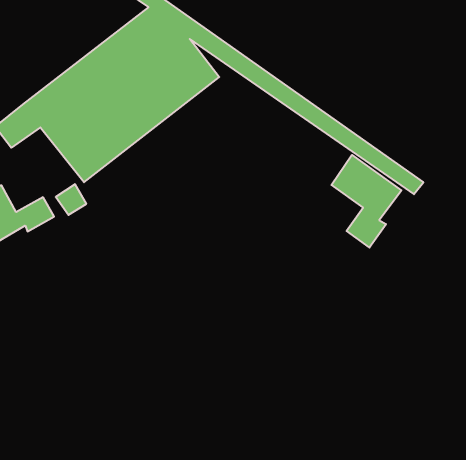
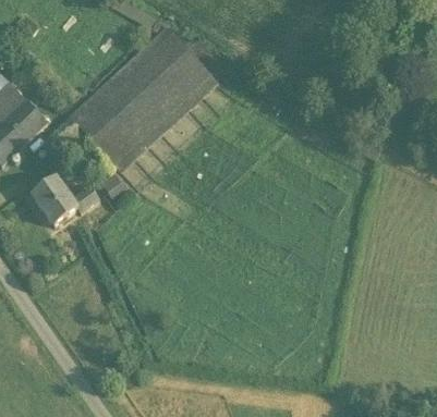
building: [331,155,401,248] -> none

